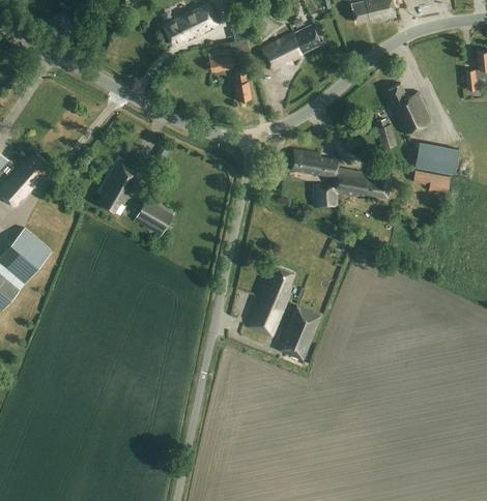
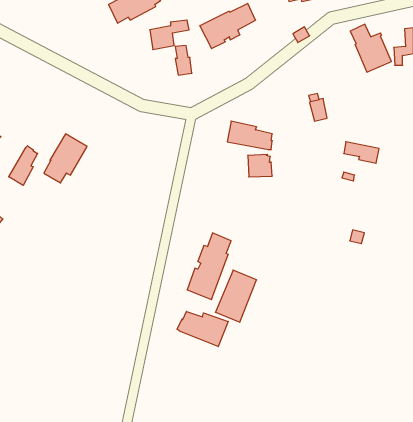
building: [385,82,429,132] -> [350,24,391,72]
building: [414,144,457,174] -> none
building: [331,169,391,197] -> none
building: none -> [9,146,38,185]
building: [135,197,175,238] -> none
building: none -> [177,311,228,347]

